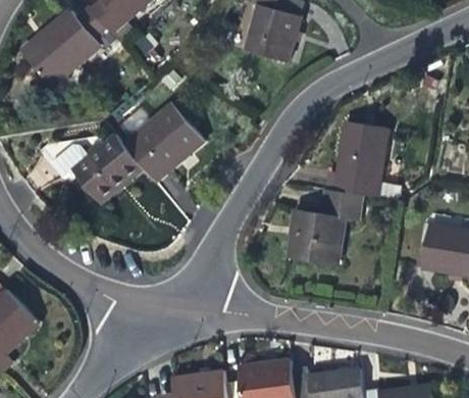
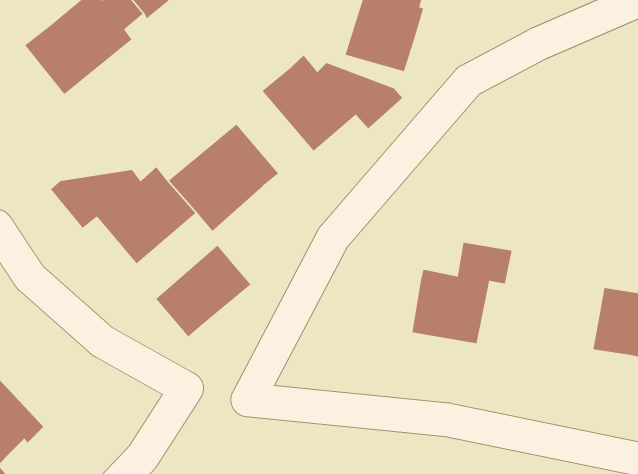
building: none -> [261,54,403,152]
building: [332,123,404,203] -> none
building: none -> [155,244,252,338]

